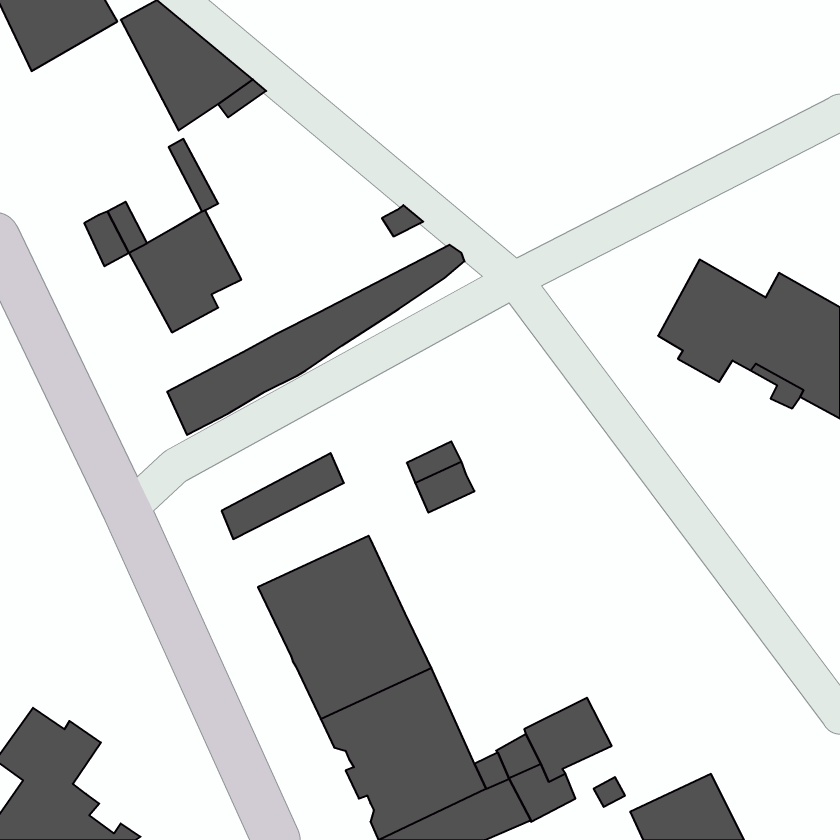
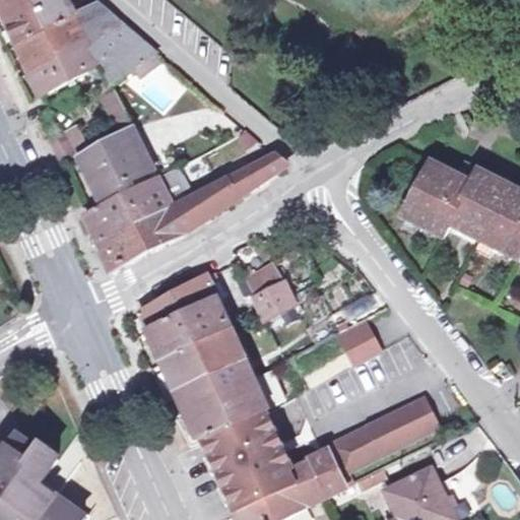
building: none -> [19,12,100,93]
building: none -> [89,164,196,241]
building: none -> [143,297,226,361]
building: none -> [335,325,378,369]
building: none -> [361,400,434,458]

